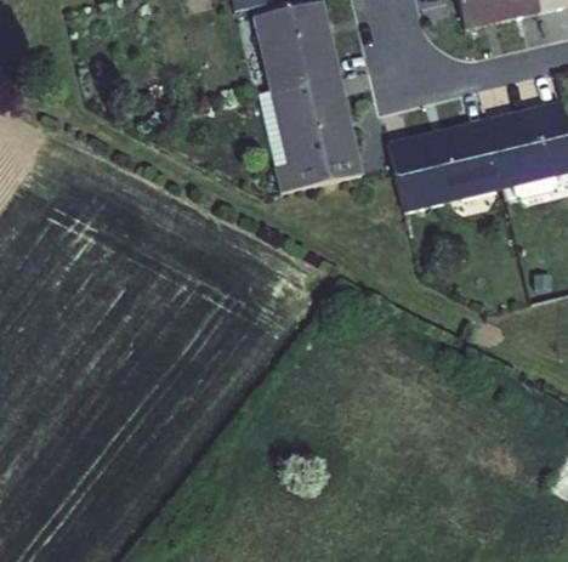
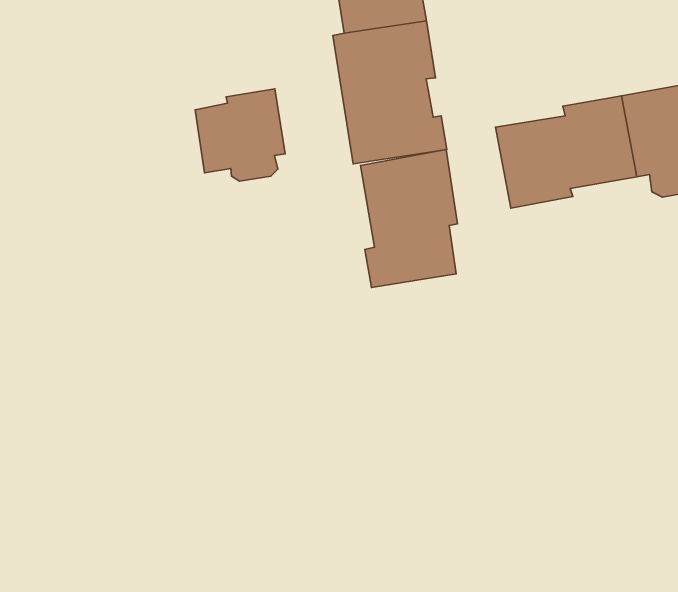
building: none -> [195,89,285,181]
building: none -> [360,149,457,287]

